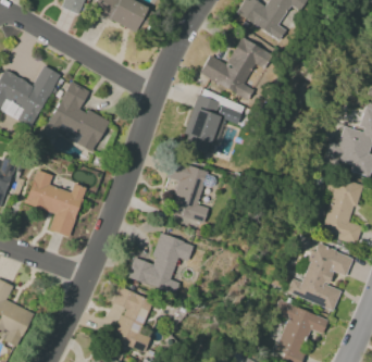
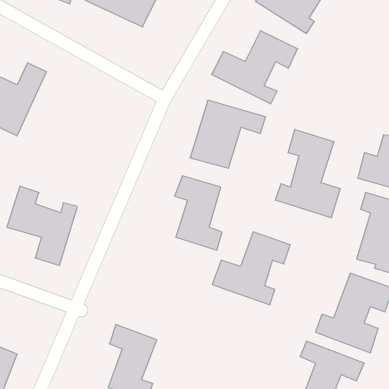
building: [42,82,109,152] -> none
building: none -> [276,129,340,218]
building: [126,234,193,296] -> [212,232,290,305]

